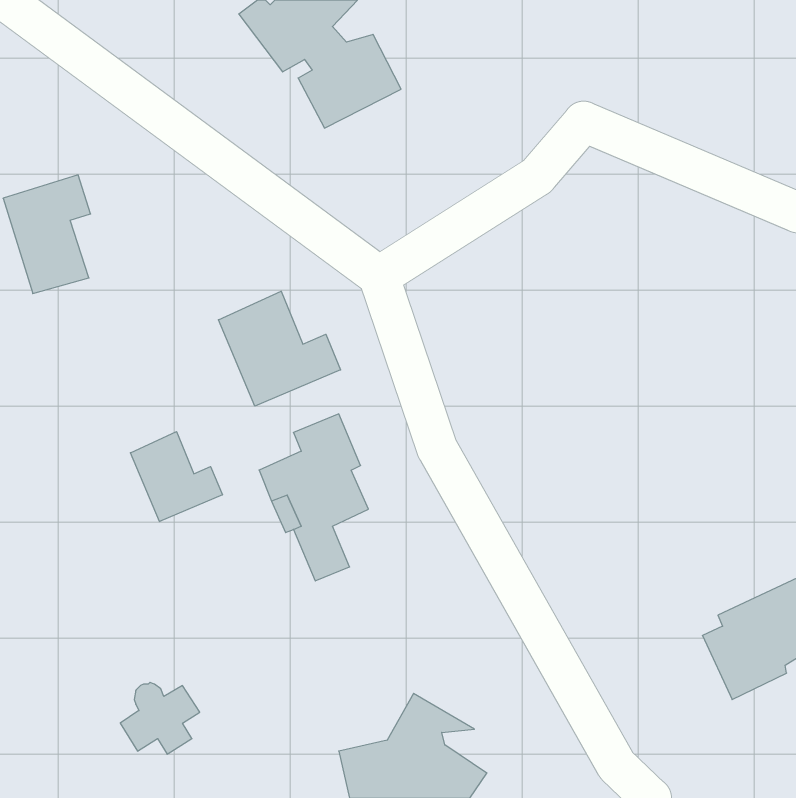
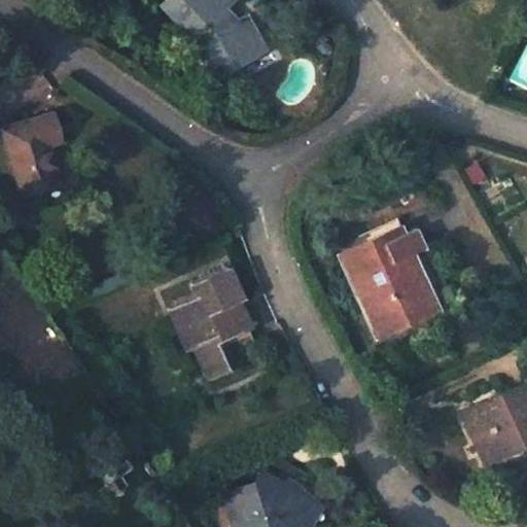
building: [218,291,341,406] -> none
building: none -> [341,216,452,335]
building: [130,432,222,522] -> none

